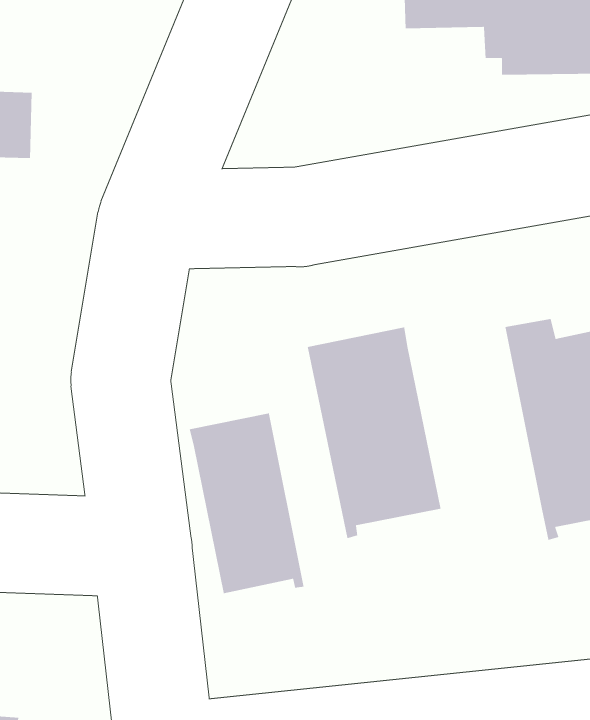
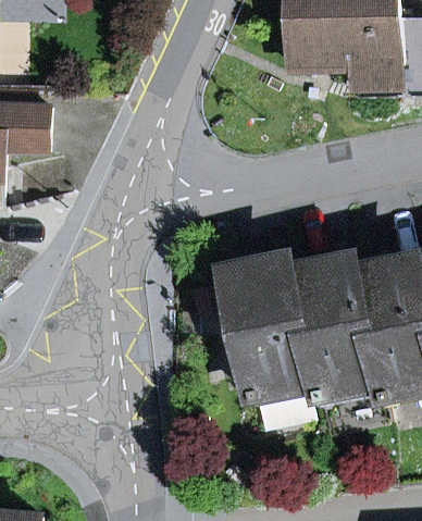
building: none -> [294,261,381,400]
building: [189,412,304,594] -> none

